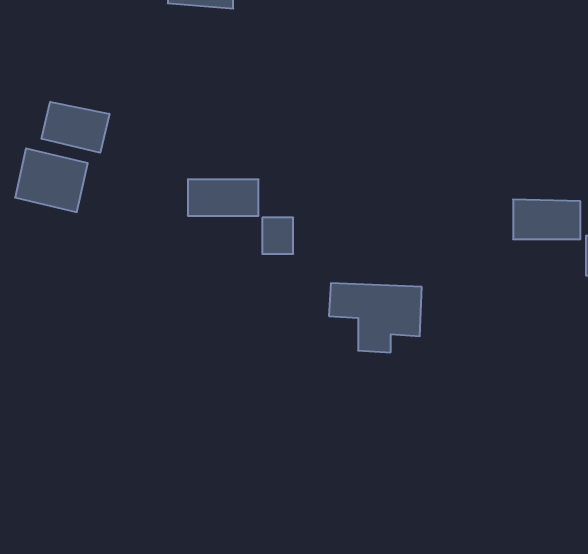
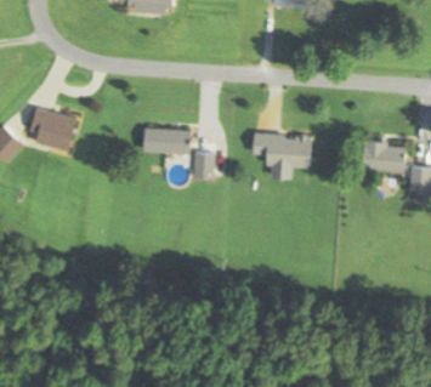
building: [42,102,109,153] -> none
building: [329,283,422,352] -> [250,132,312,178]

